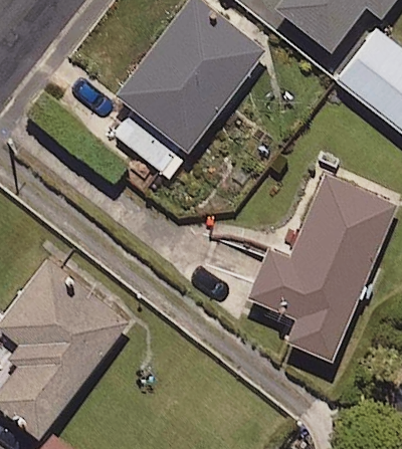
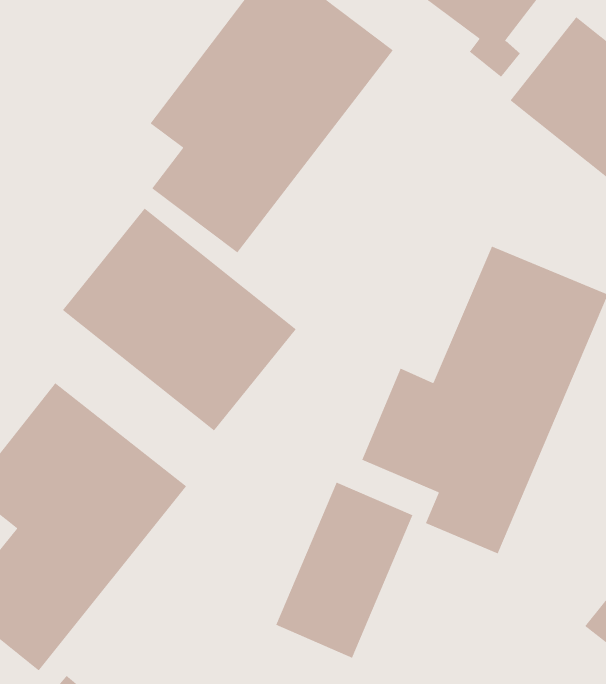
building: none -> [62,208,297,432]
building: none -> [275,481,414,659]

